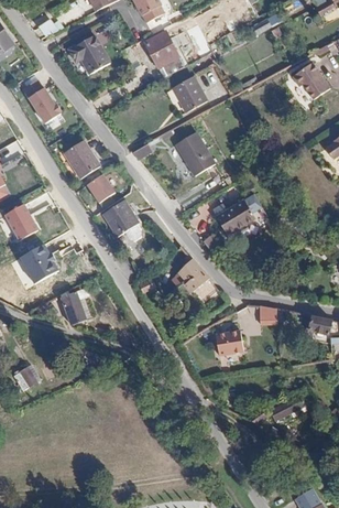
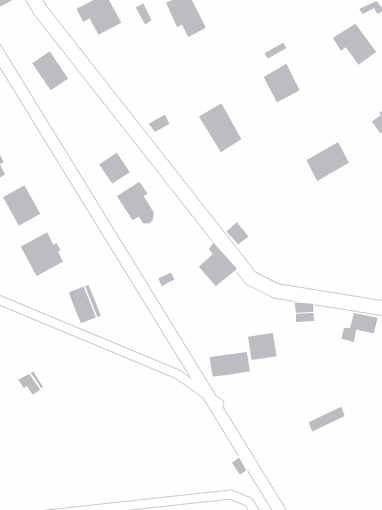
building: [170,79,203,115] -> [263,63,301,103]
building: [63,141,98,177] -> none
building: [216,201,254,236] -> [306,141,350,182]
building: none -> [209,351,250,377]

